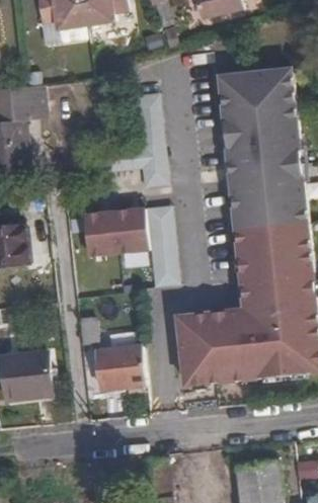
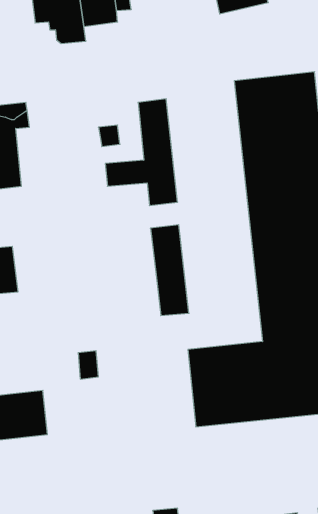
building: [83,208,149,256] -> none
building: [95,346,146,391] -> none

